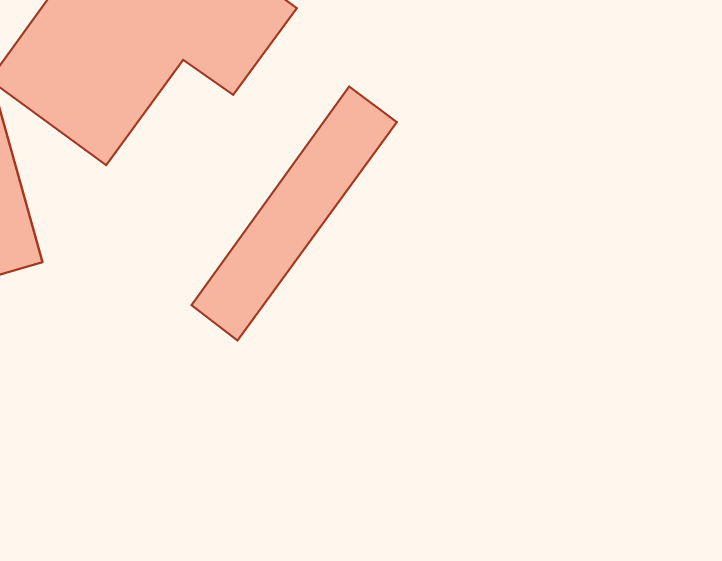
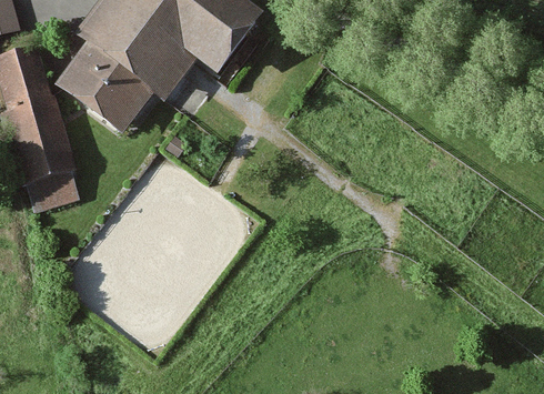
building: [191,87,397,340] -> none

